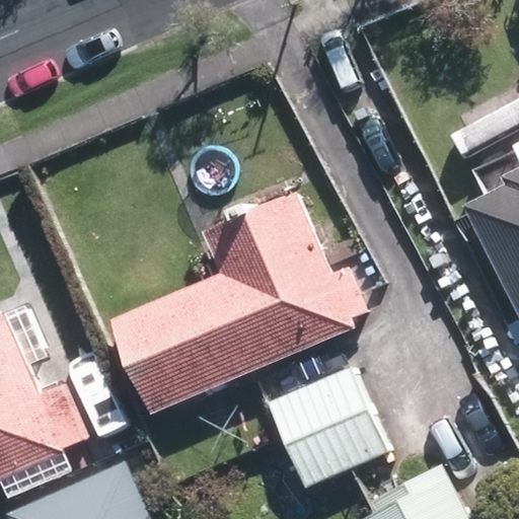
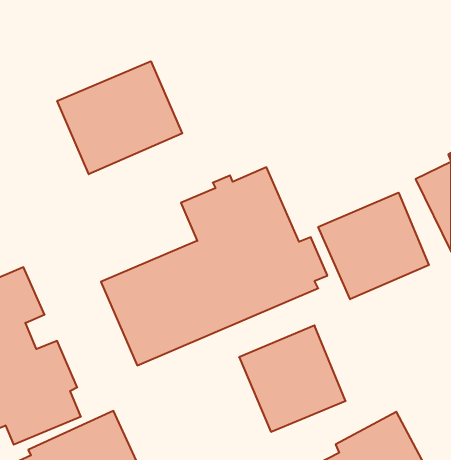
building: none -> [57,61,182,174]
building: none -> [318,193,429,299]

